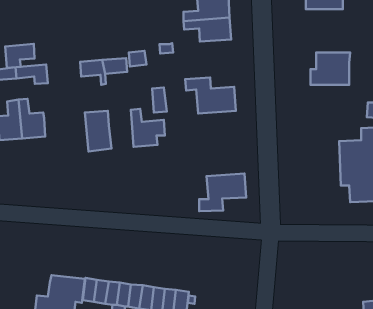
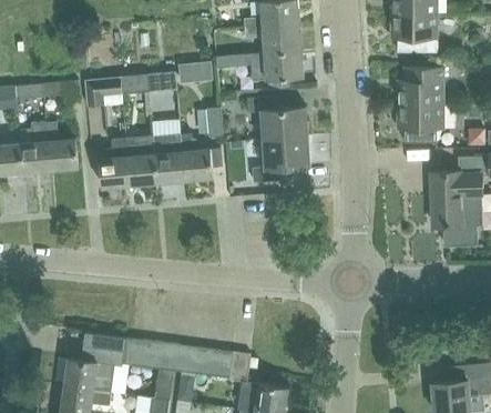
building: none -> [391,13,436,52]
building: none -> [246,50,304,80]
building: [5,44,35,68] -> [85,77,121,105]
building: none -> [397,104,443,142]
building: none -> [153,133,184,181]
building: none -> [100,138,130,187]
building: [199,173,246,211] -> [253,135,309,181]

